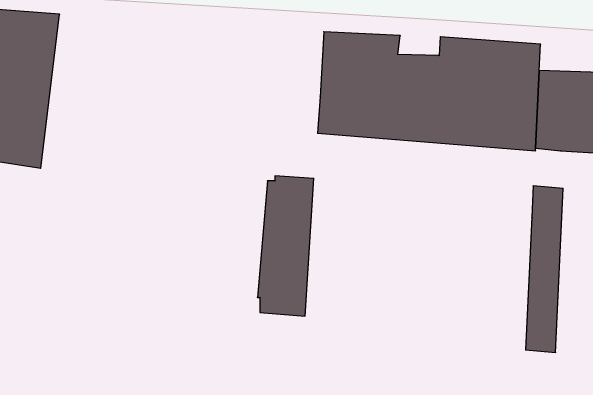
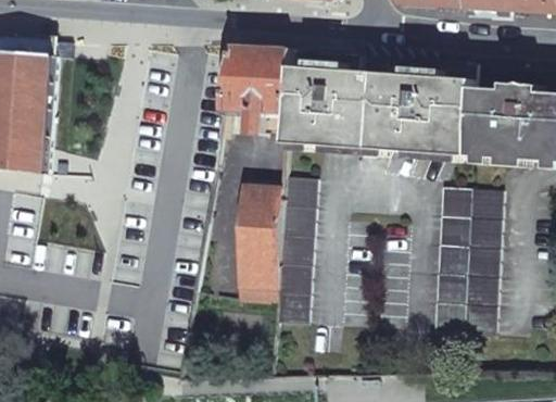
building: none -> [215,45,290,147]
building: none -> [271,177,314,326]
building: none -> [437,188,470,331]

